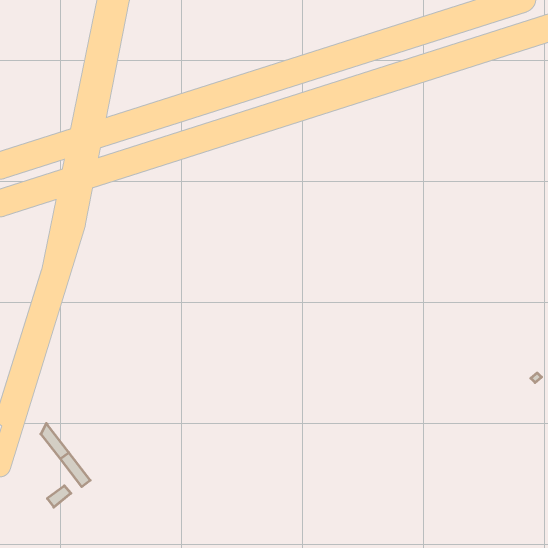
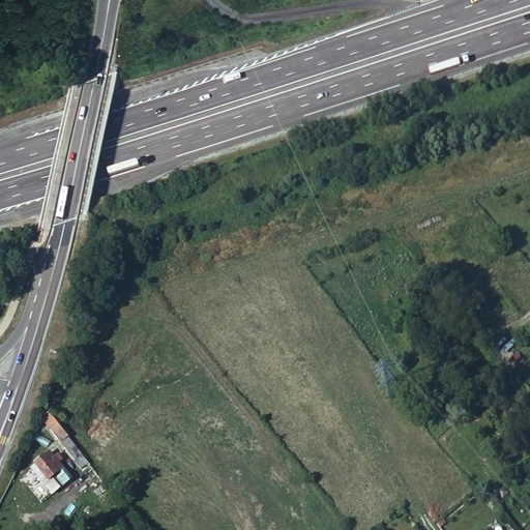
building: none -> [33,450,63,480]

